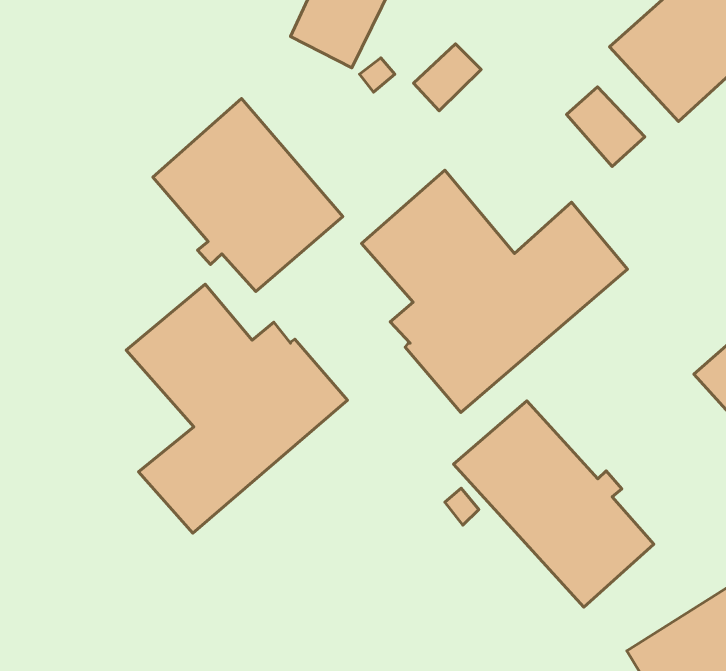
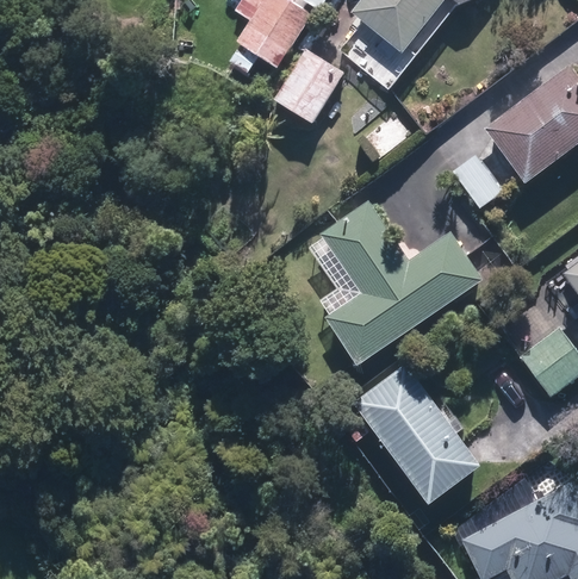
building: [153,98,343,292] -> none
building: [126,284,348,533] -> none

